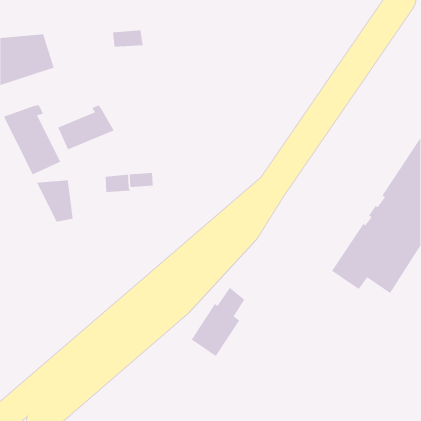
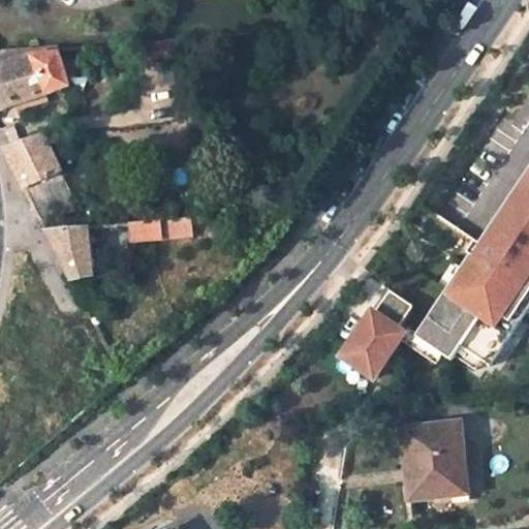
building: [57,105,114,150] -> none
building: [191,287,245,357] -> [340,293,408,381]
building: none -> [400,423,465,498]

